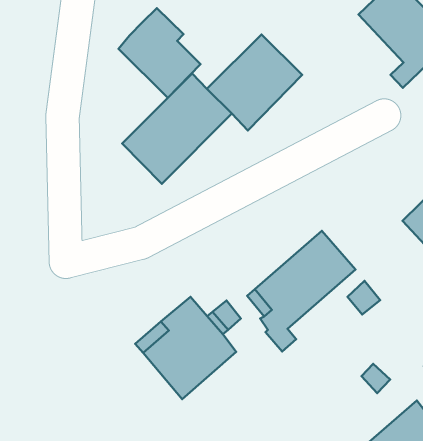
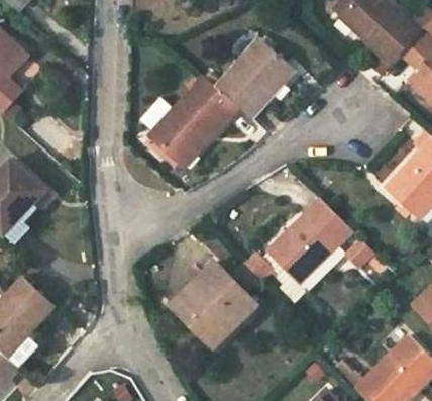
building: [118,8,200,98] -> none

